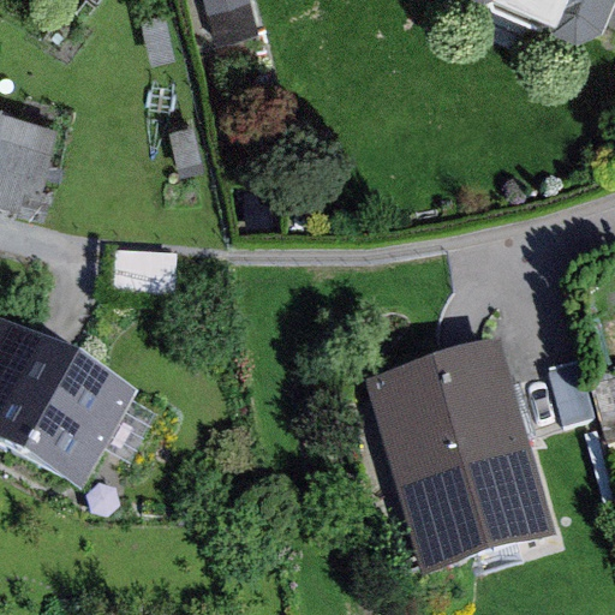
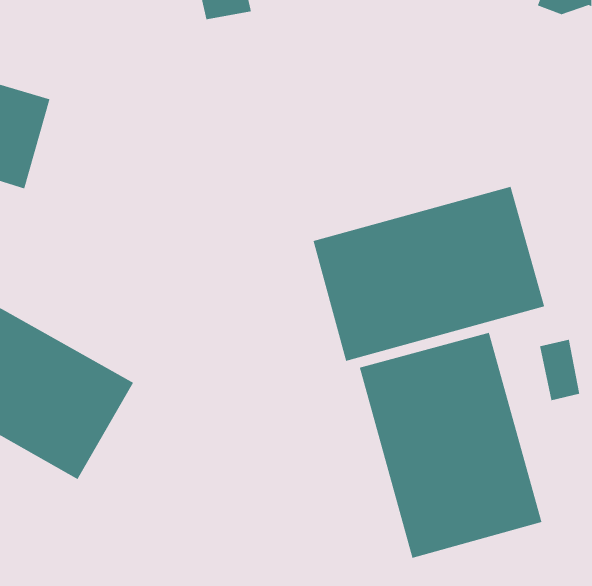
building: none -> [312,186,545,362]

